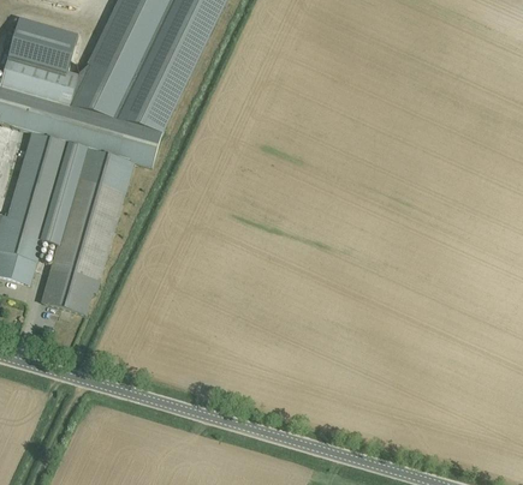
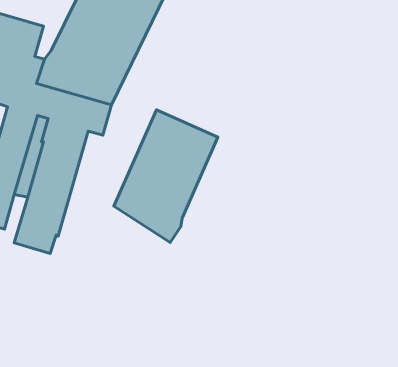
building: none -> [114,110,218,242]

